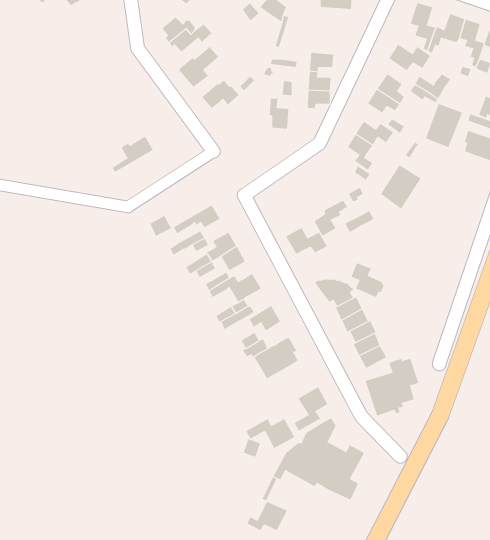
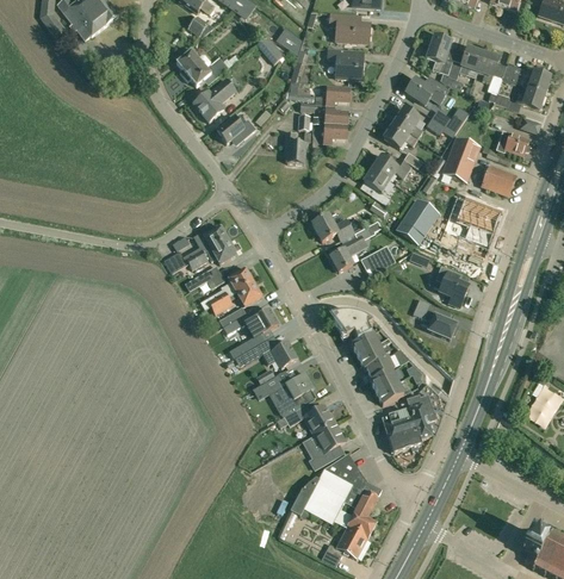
building: none -> [327,48,364,79]
building: [111,136,154,172] -> [185,225,228,262]
building: none -> [448,199,501,247]
building: [285,227,328,254] -> [311,213,354,241]
building: none -> [435,266,469,306]
building: [351,263,385,298] -> [423,304,458,340]
building: [246,418,295,449] -> [285,404,335,435]
building: [247,501,288,531] -> [326,528,367,558]

